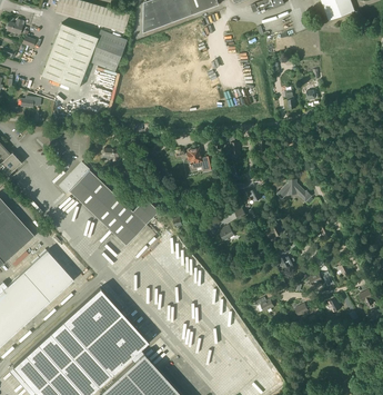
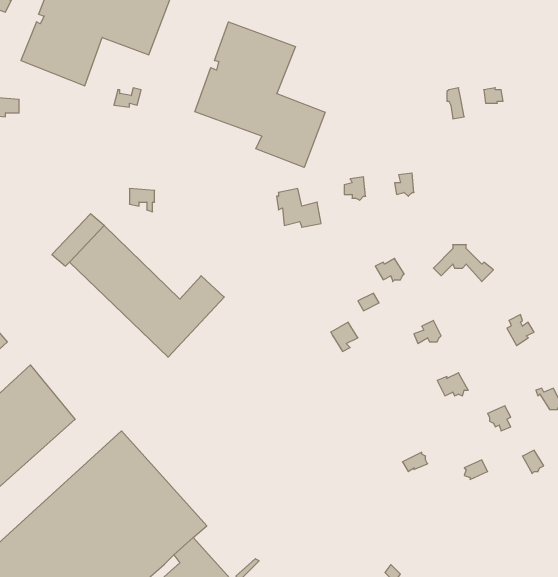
building: none -> [195,22,325,167]

